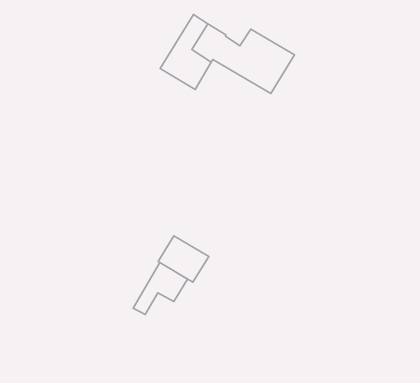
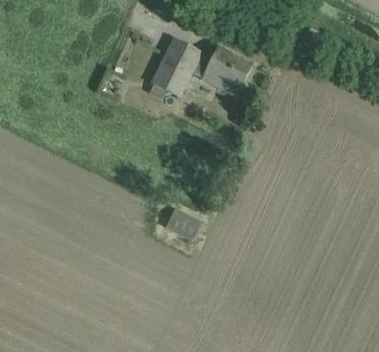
building: [133,263,187,315] -> none

